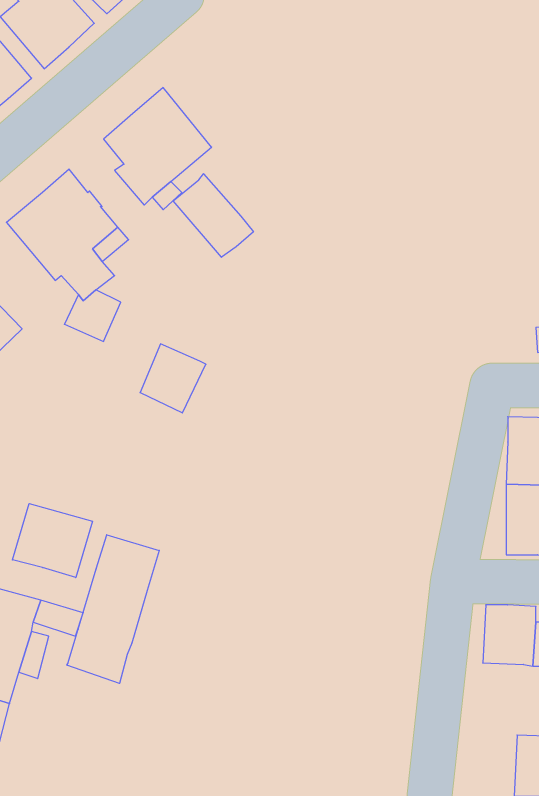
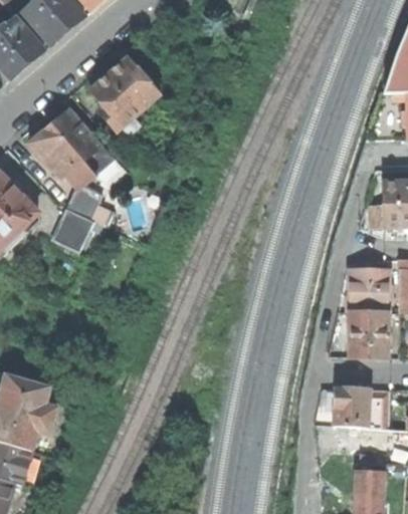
building: [173,174,253,257] -> none
building: [140,344,206,413] -> [53,208,95,252]
building: [12,504,93,578] -> none
building: [67,535,159,683] -> none

